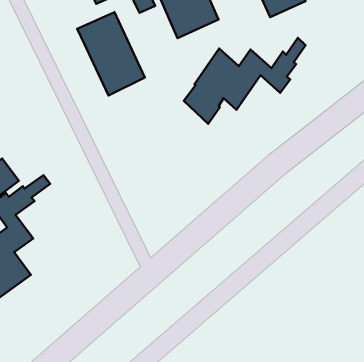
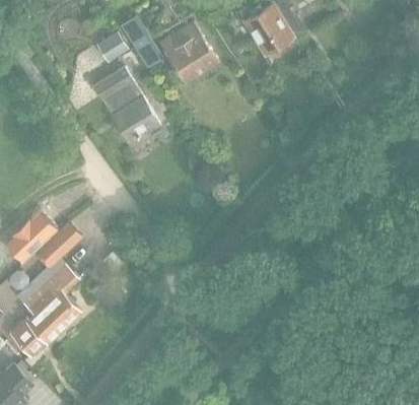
building: [184,38,305,124] -> none

